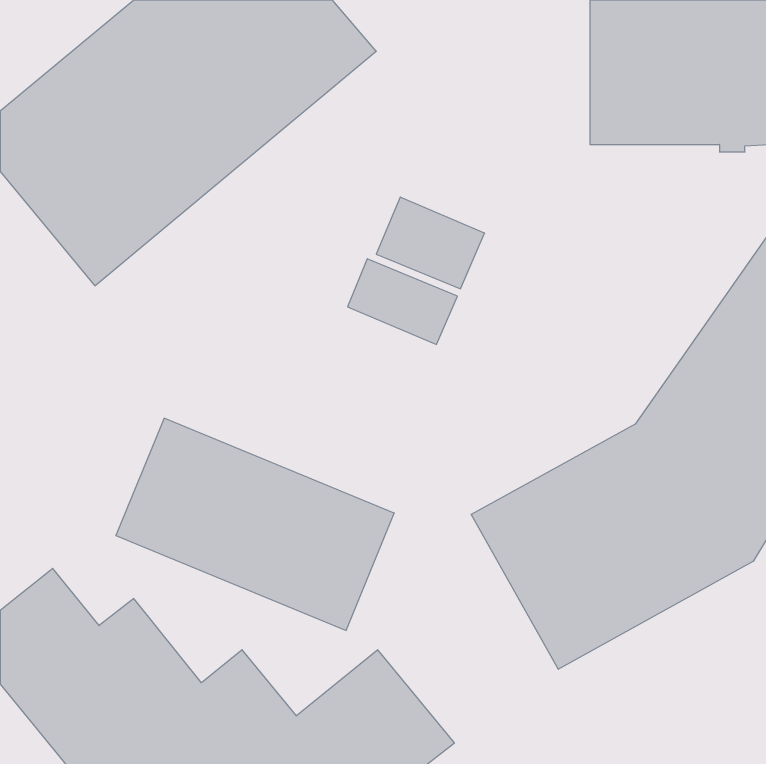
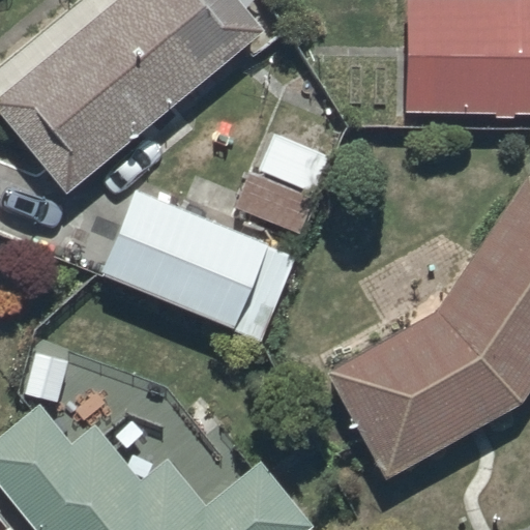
building: [116,418,394,630] -> [104,199,295,345]

